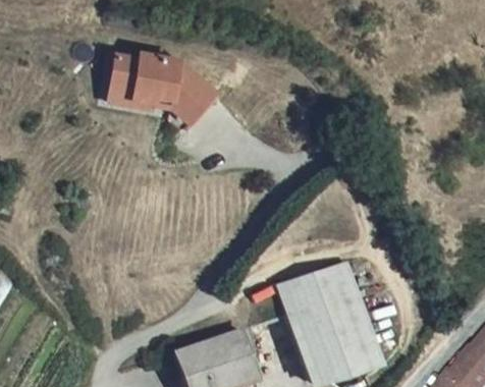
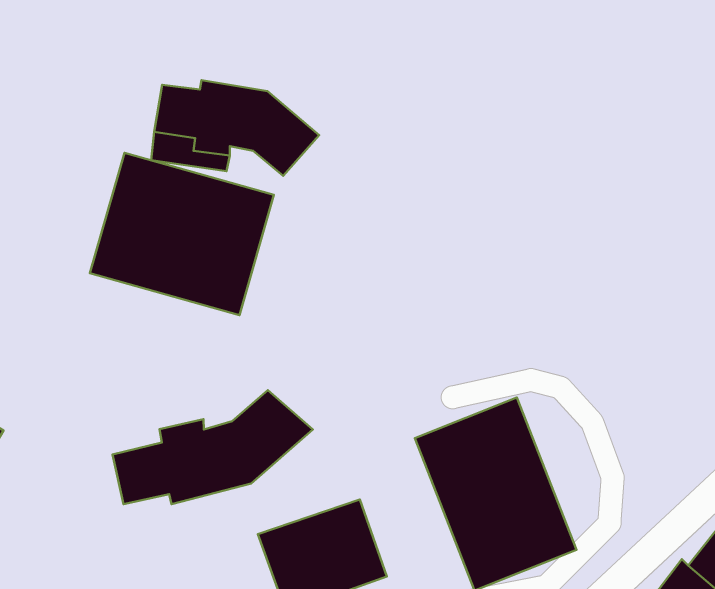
building: none -> [90,153,274,315]
building: none -> [113,390,313,504]

